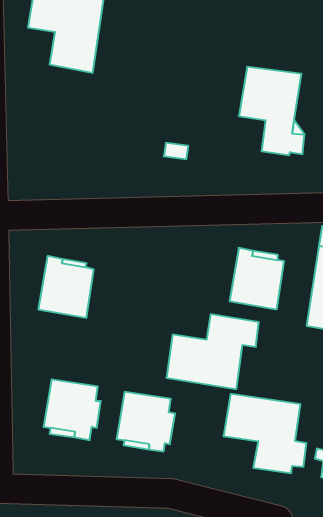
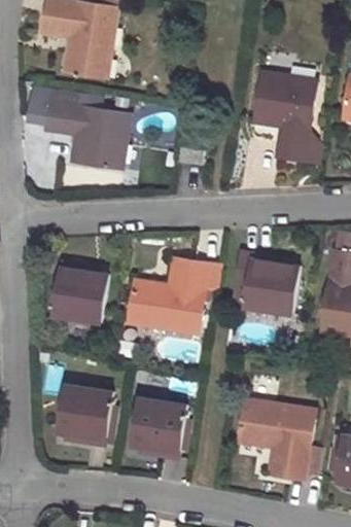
building: none -> [44,90,130,169]
building: [166,314,259,389] -> [128,258,220,333]

